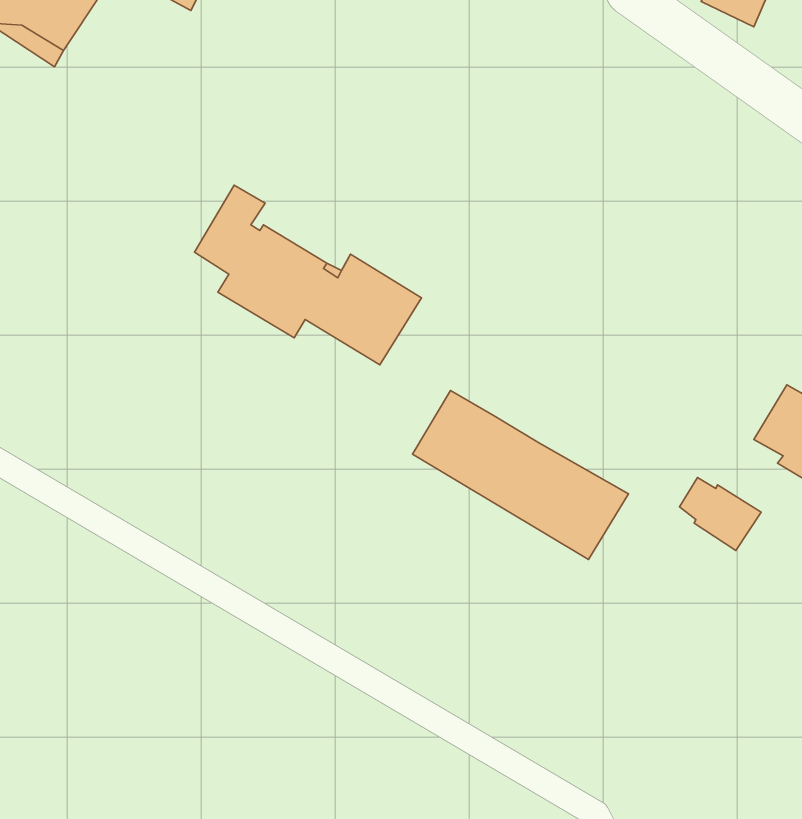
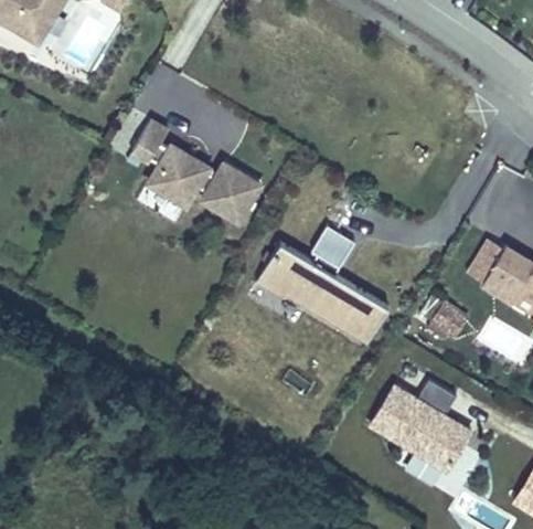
building: none -> [308,225,355,274]
building: none -> [367,379,472,473]

